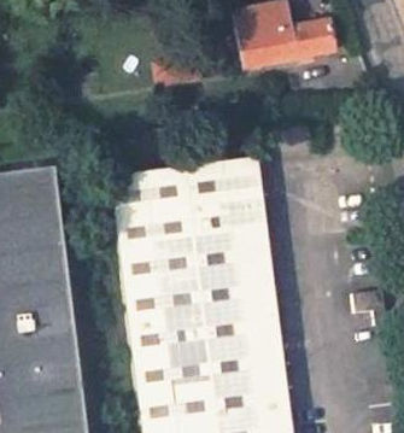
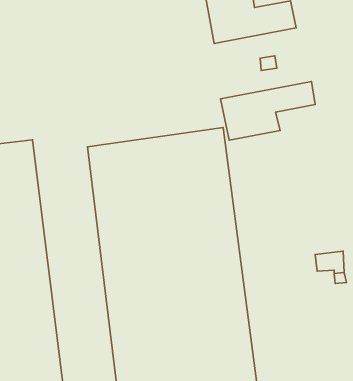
building: none -> [221,82,315,140]

